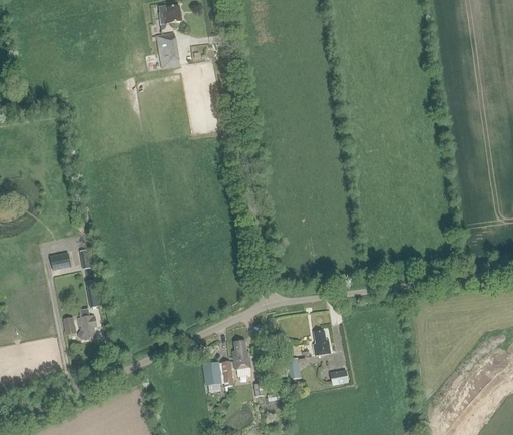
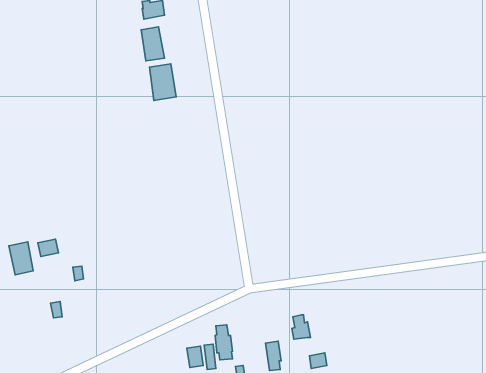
building: none -> [150,64,176,101]
building: none -> [9,242,33,275]
building: [78,308,97,340] -> none

